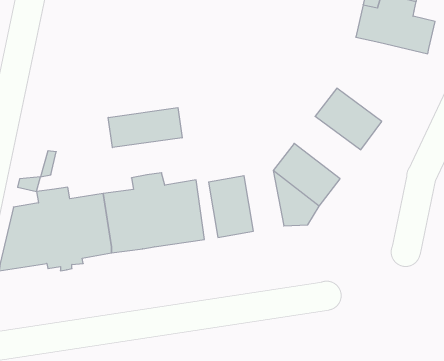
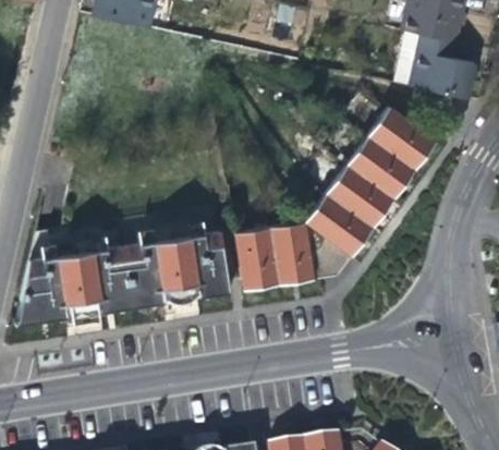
building: none -> [372,105,439,167]
building: [108,108,182,148] -> none
building: none -> [327,161,397,227]
building: none -> [275,218,316,281]

